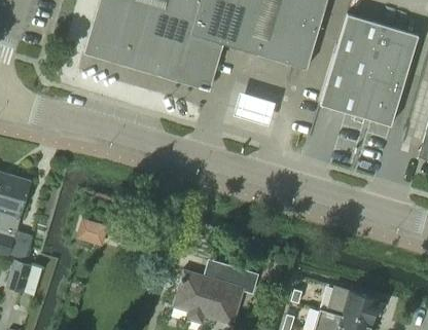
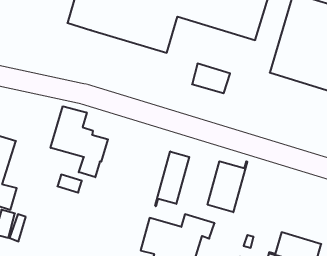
building: none -> [51,106,108,177]
building: none -> [155,151,189,206]
building: none -> [208,161,247,212]

